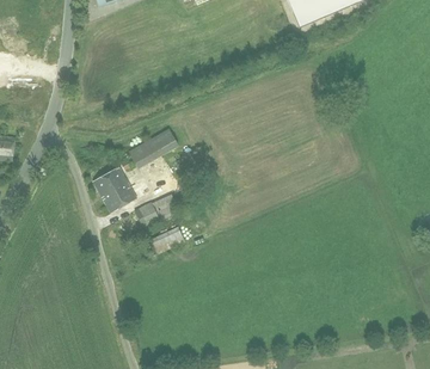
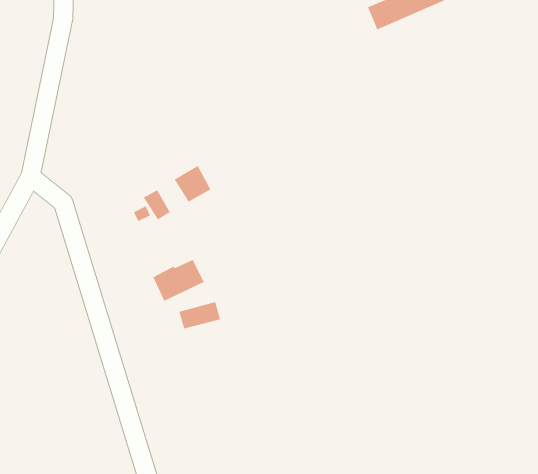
building: [93,165,136,211] -> none

